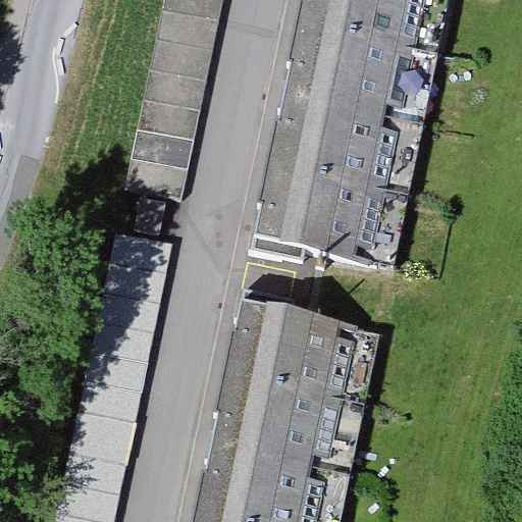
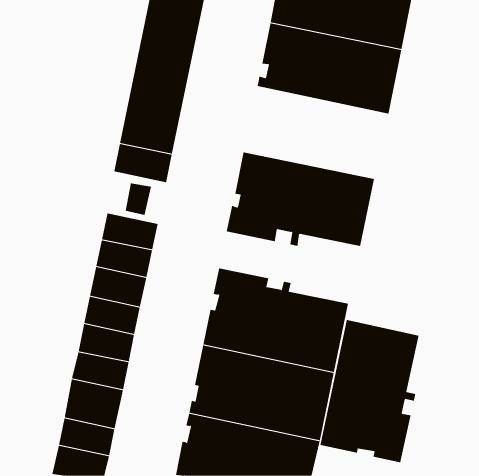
building: [264,94,423,195] -> none
building: none -> [320,319,419,463]

